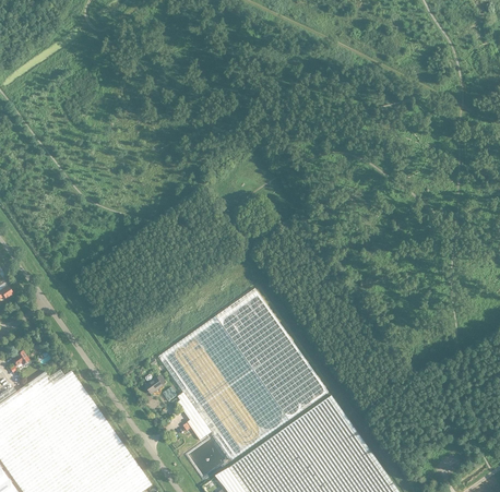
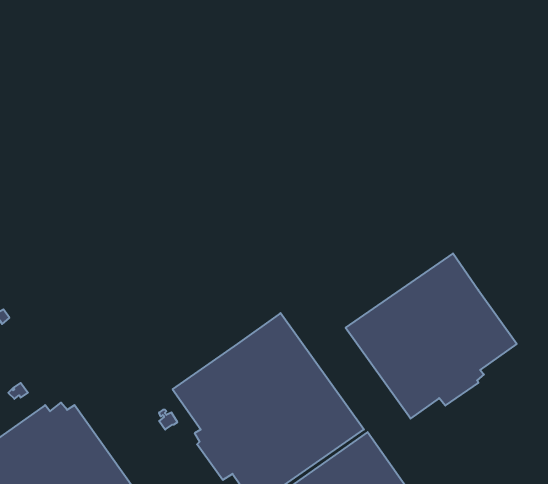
building: none -> [346,253,517,419]

